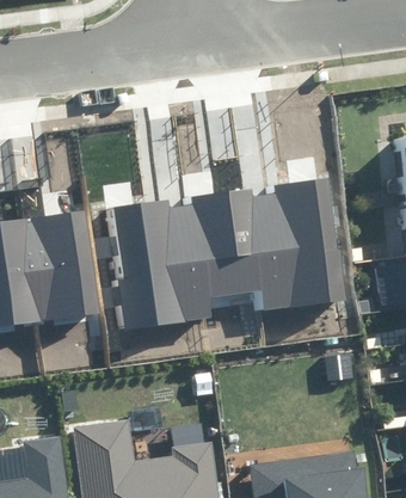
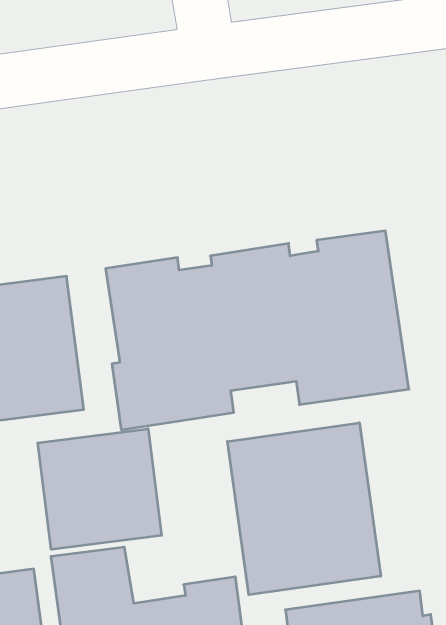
building: none -> [227,423,381,595]
building: none -> [38,429,162,549]

